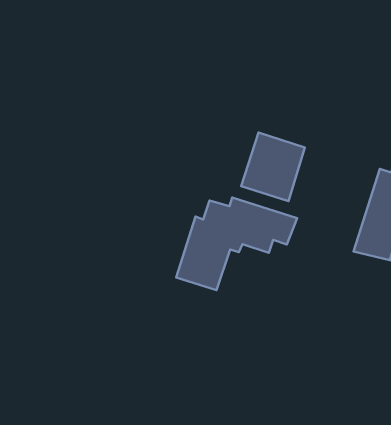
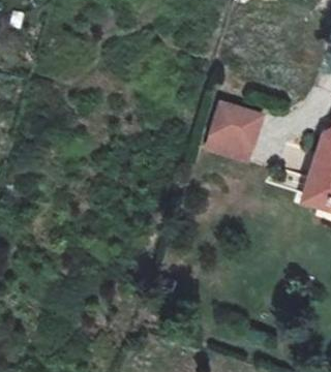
building: [176,198,297,290] -> none

